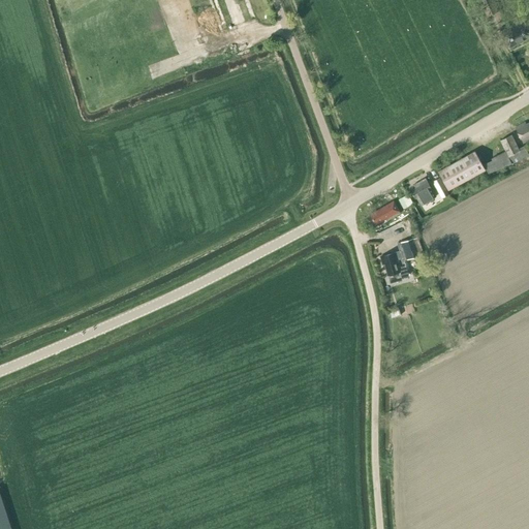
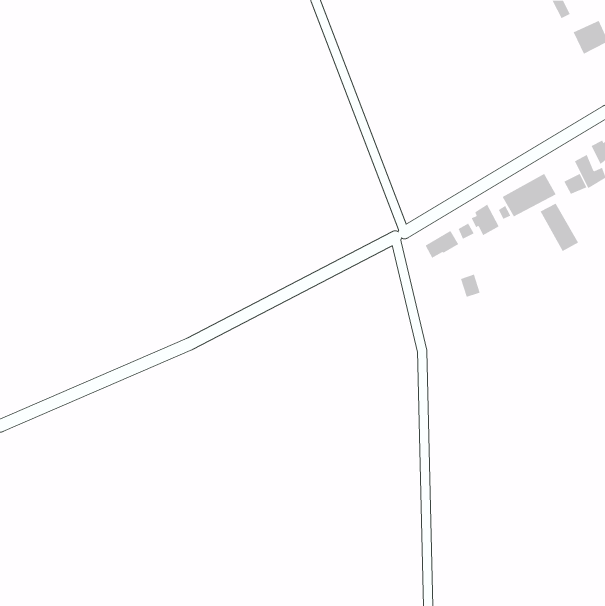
building: none -> [540,203,579,252]
building: [380,251,409,279] -> none

